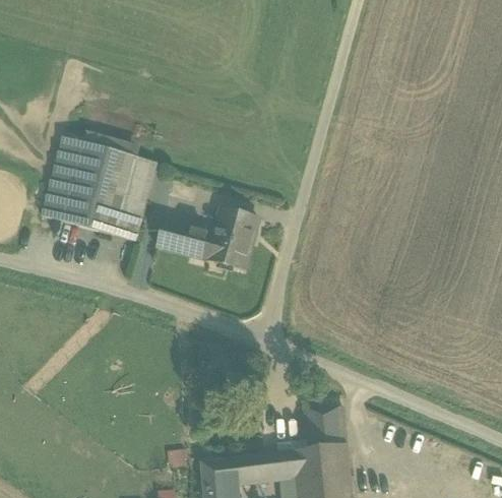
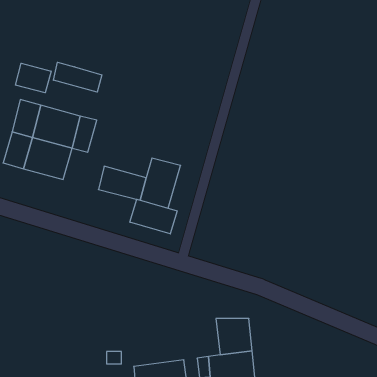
building: none -> [53,62,102,92]
building: none -> [15,63,51,93]
building: [113,195,143,239] -> none
building: none -> [130,199,177,234]

